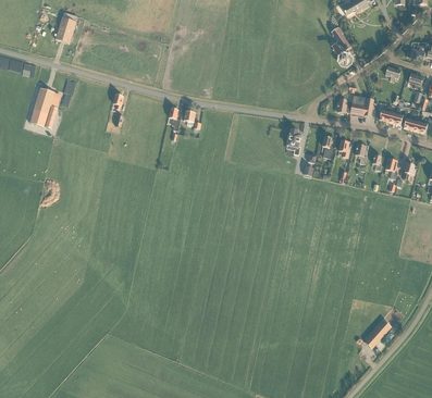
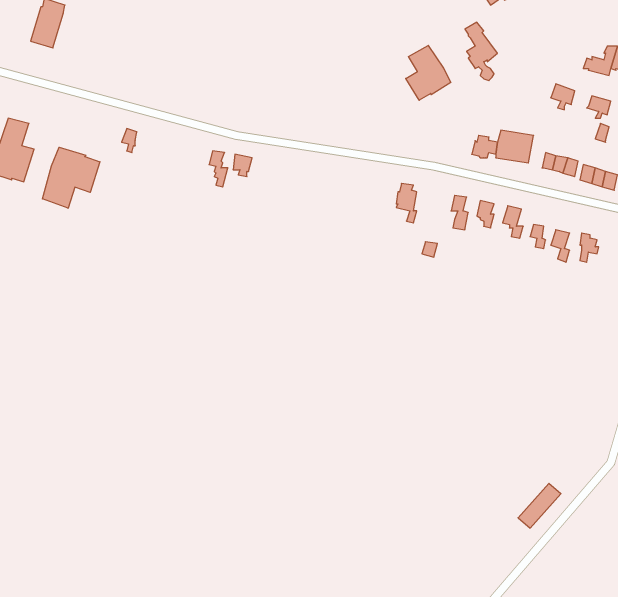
building: none -> [406,45,451,100]
building: none -> [42,147,100,208]

